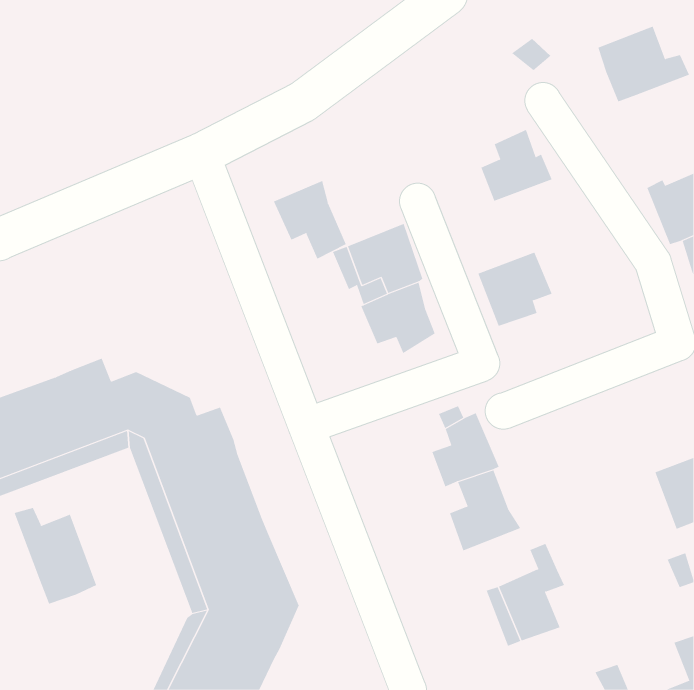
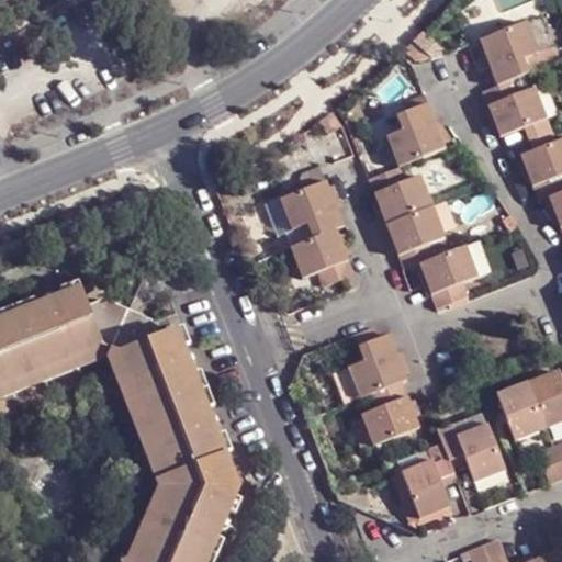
building: none -> [484,77,548,131]
building: [273,180,347,259] -> none
building: none -> [368,162,431,221]
building: none -> [420,246,480,308]
building: none -> [497,381,546,440]
building: [14,507,97,605] -> none
building: none -> [437,411,506,482]

